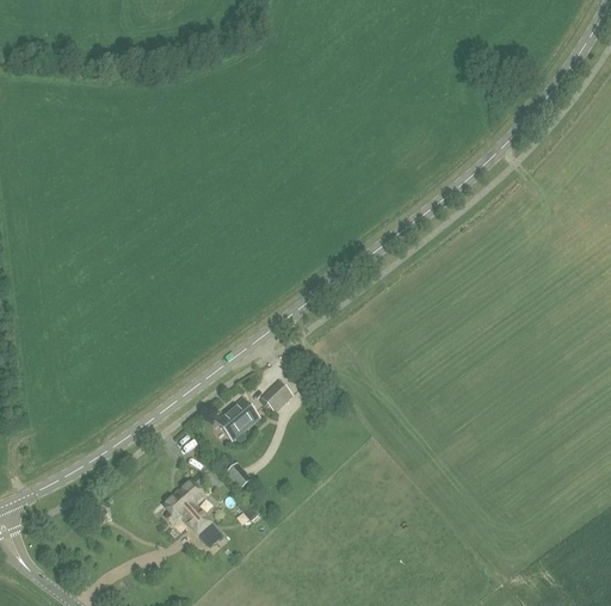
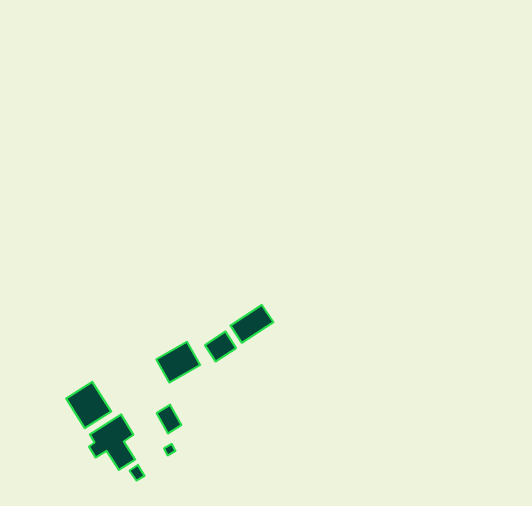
building: none -> [230,305,273,343]
building: none -> [66,382,111,428]

